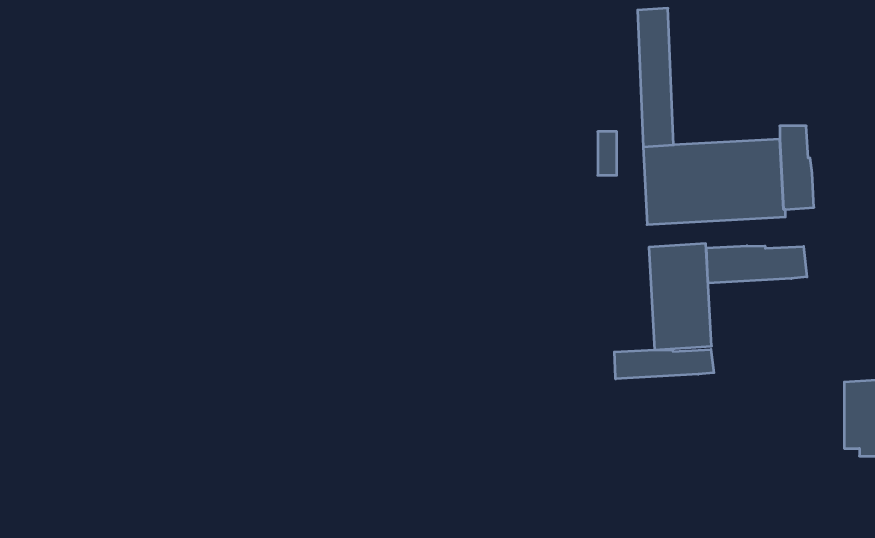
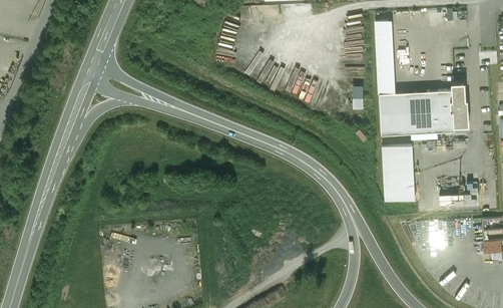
building: [707,246,807,283] -> none
building: [614,349,714,379] -> none

